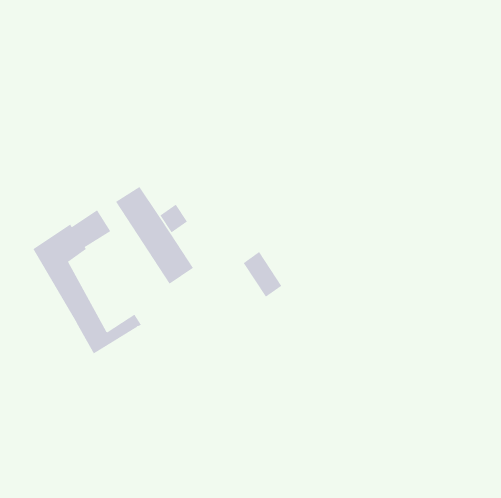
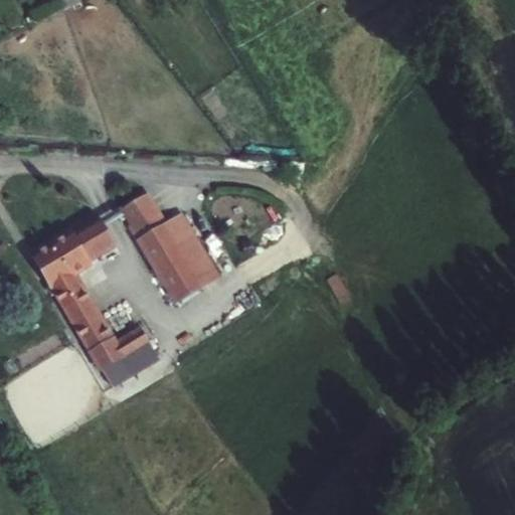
building: [243,251,282,297] -> [177,231,217,279]
building: none -> [98,339,157,388]

